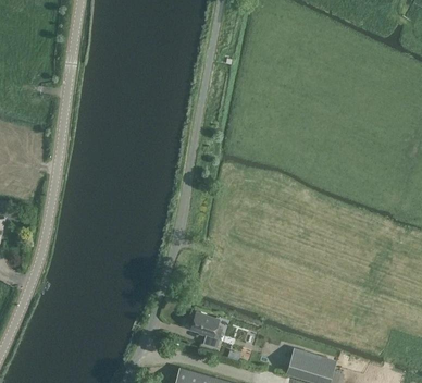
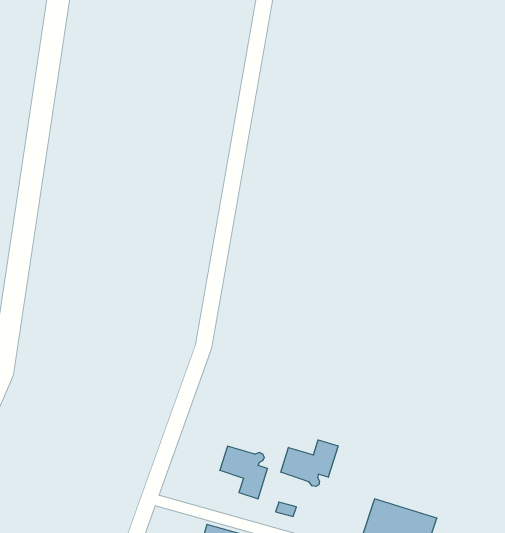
building: none -> [281,440,338,486]

